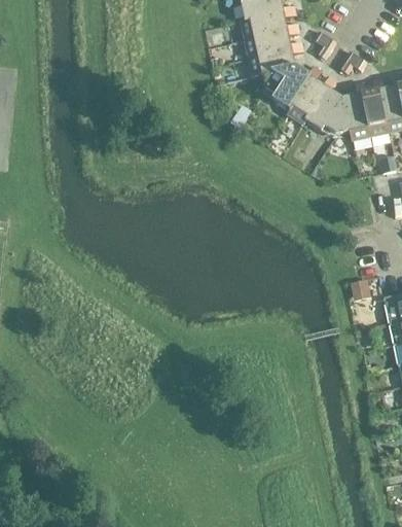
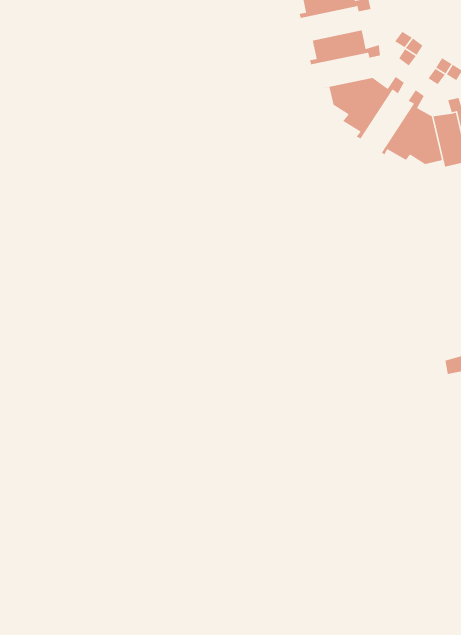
building: [240,11,299,37] -> none
building: [248,47,296,74] -> none
building: [287,76,327,125] -> none

